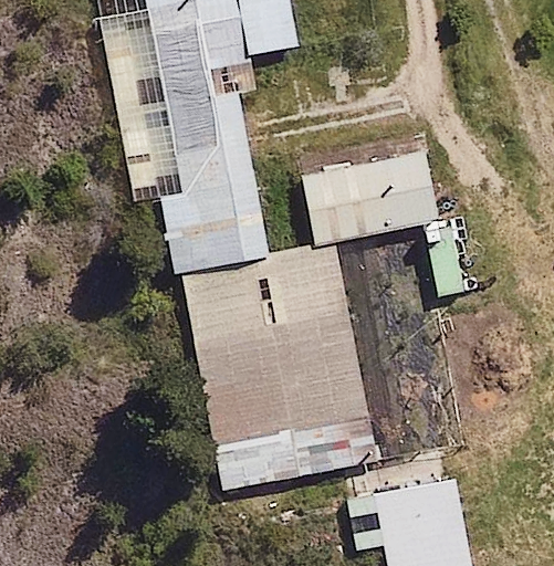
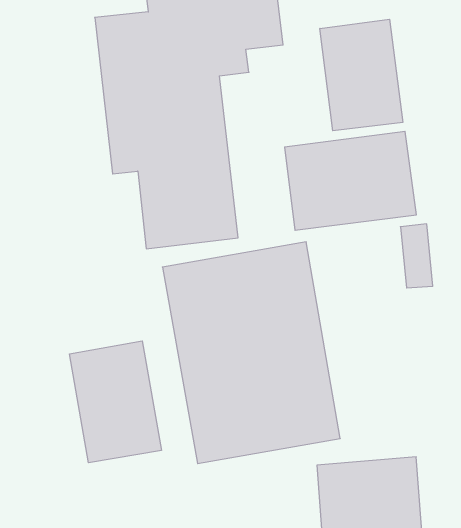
building: none -> [320,19,403,131]
building: none -> [70,341,161,463]

